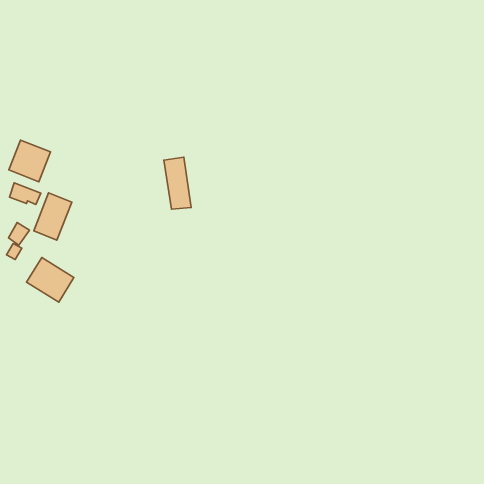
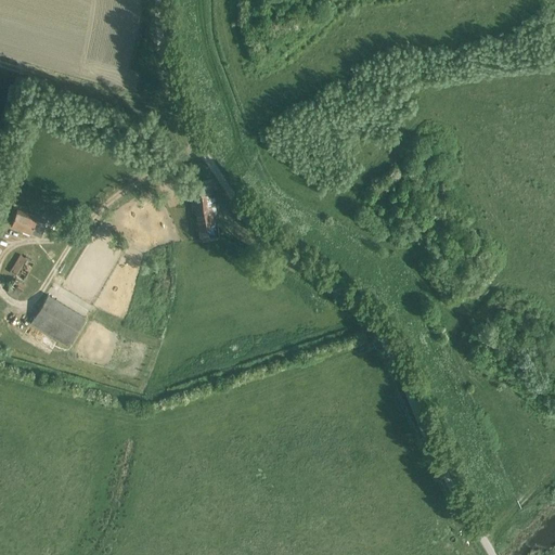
building: [9,140,51,182] -> none
building: [34,193,72,240] -> none

